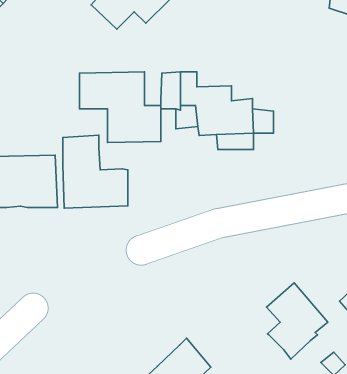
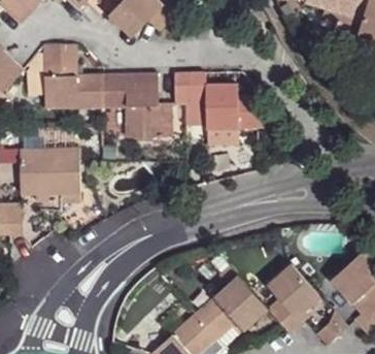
building: [63,135,128,208] -> [42,44,100,109]
building: none -> [195,273,268,337]

